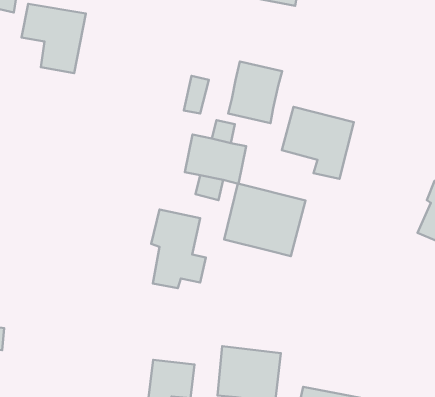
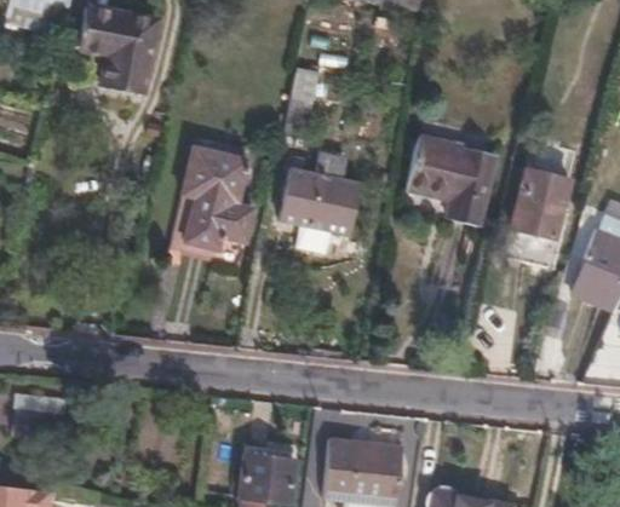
building: [228,62,282,123] -> none
building: none -> [507,169,570,266]
building: [224,184,306,256] -> none
building: [151,209,206,288] -> [185,148,254,247]

